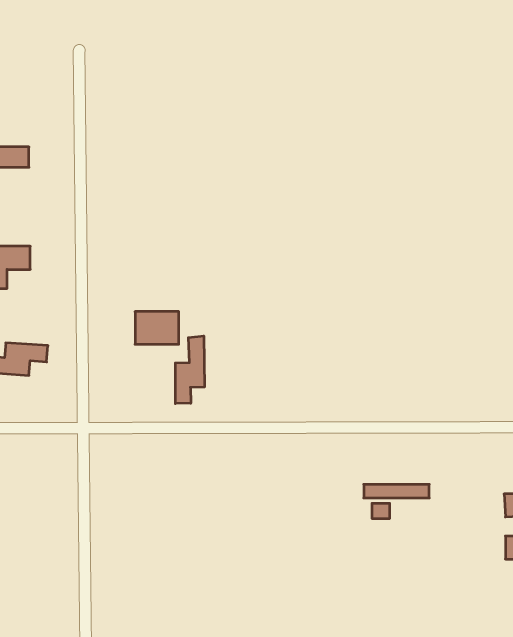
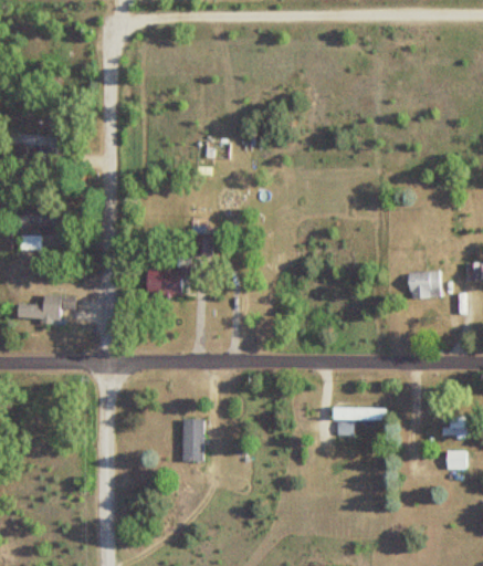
building: none -> [409,272,440,297]
building: [175,336,204,404] -> none
building: none -> [182,420,203,461]

